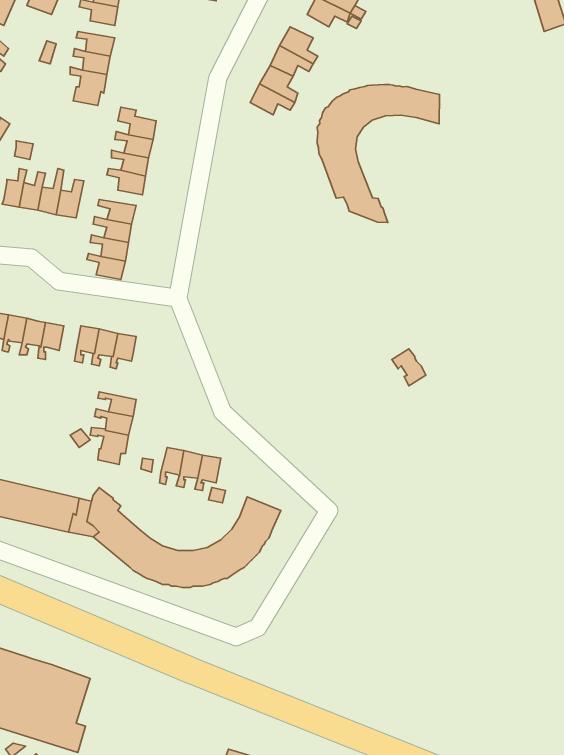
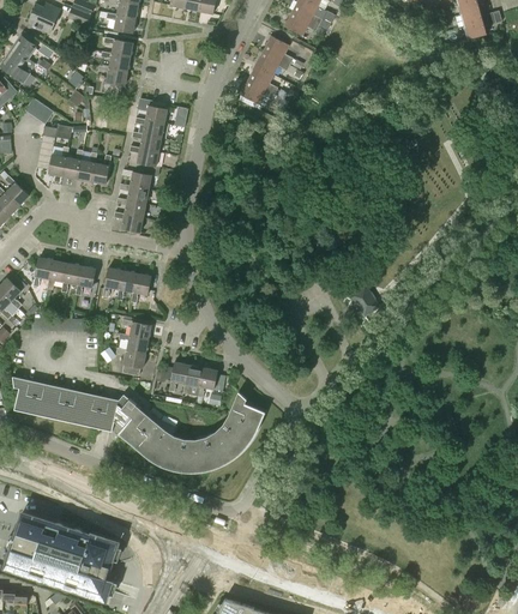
building: [317,84,439,223] -> none

